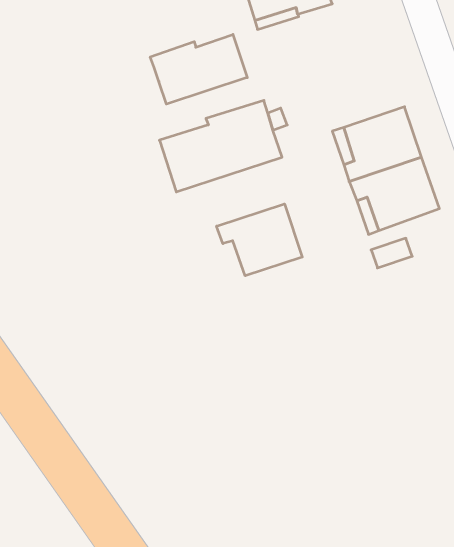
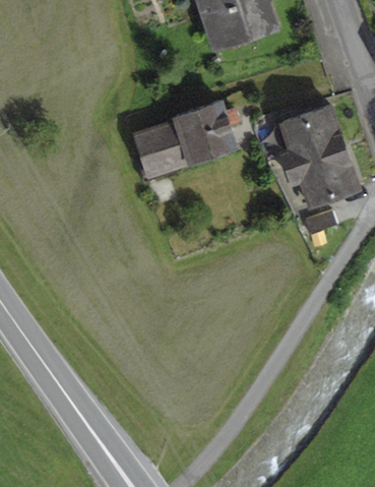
building: [150,34,247,104] -> none
building: [217,204,302,276] -> none

